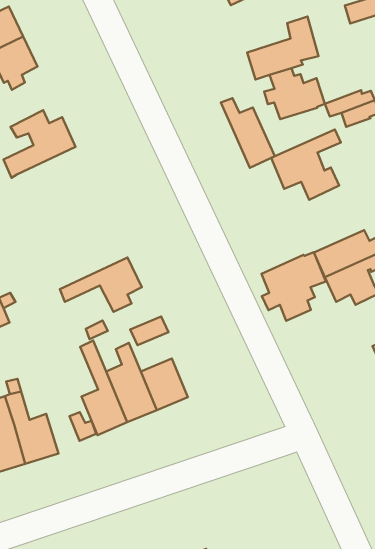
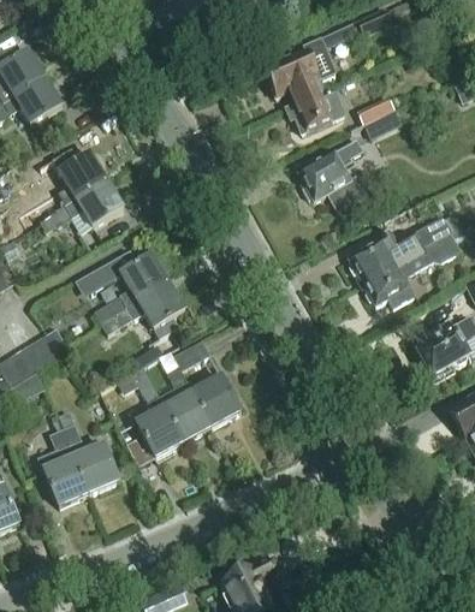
building: [221,98,275,168] -> none
building: none -> [52,180,124,227]
building: none -> [82,251,167,320]
building: [261,252,326,321] -> none

